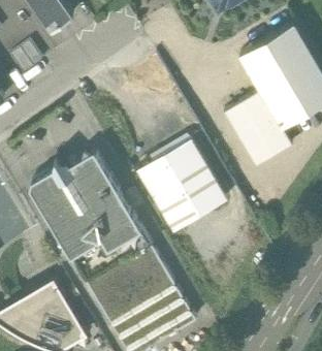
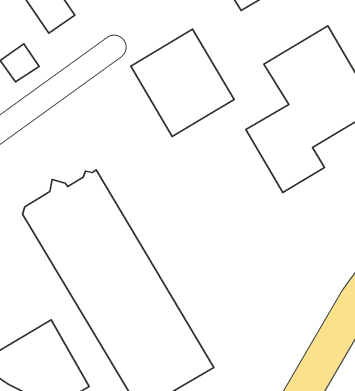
building: [137,139,227,232] -> [131,29,234,136]

